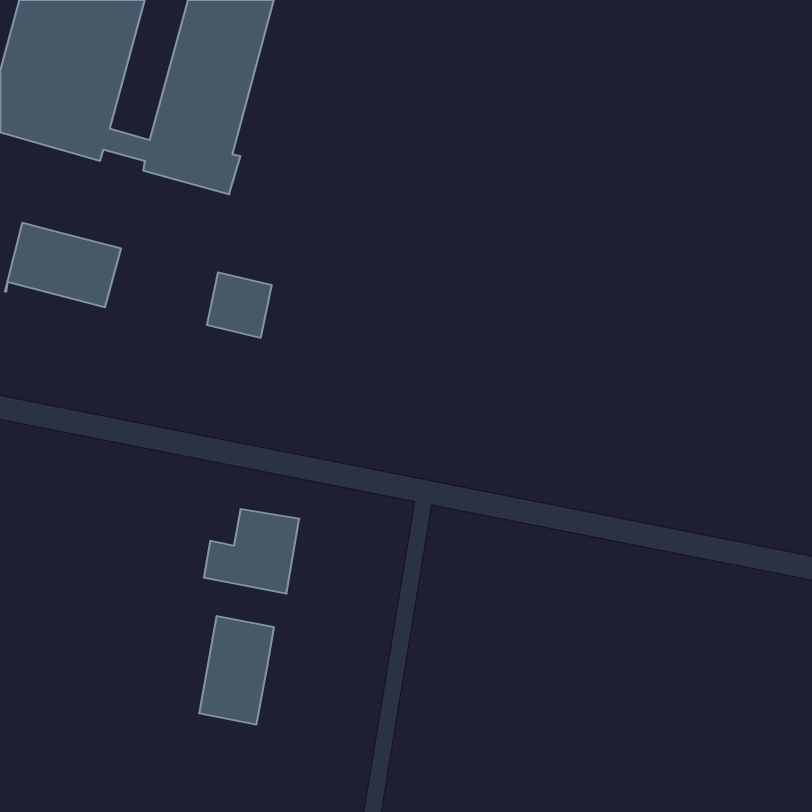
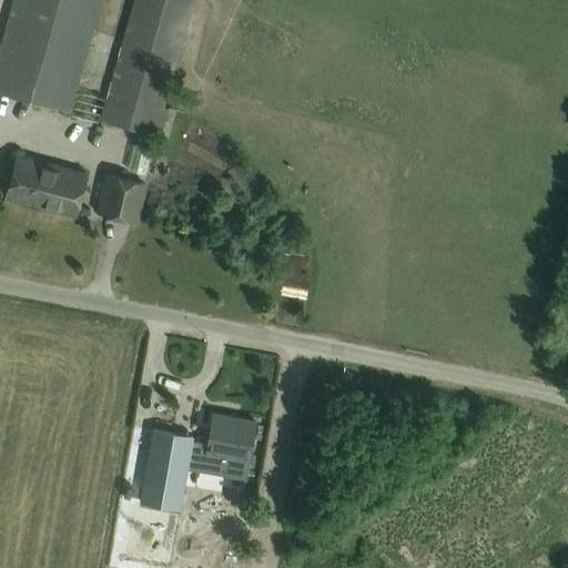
building: [207,272,272,338] -> [99,175,144,221]
building: [204,509,299,594] -> [187,417,254,476]

